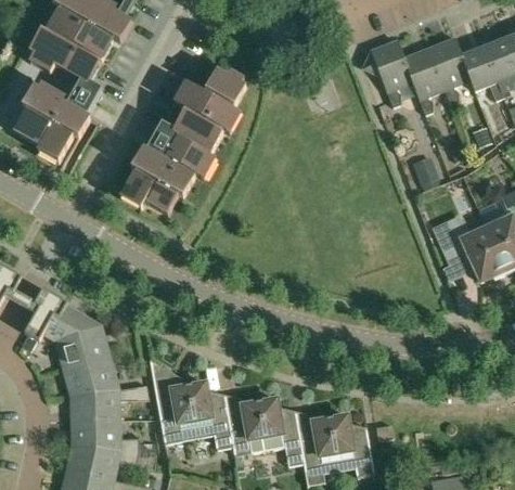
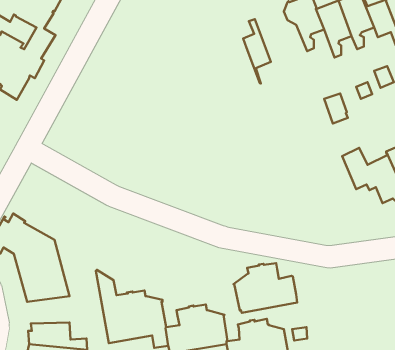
building: none -> [243,19,271,83]
building: [120,68,245,212] -> none
building: none -> [233,263,297,313]
building: [69,384,149,420] -> none

